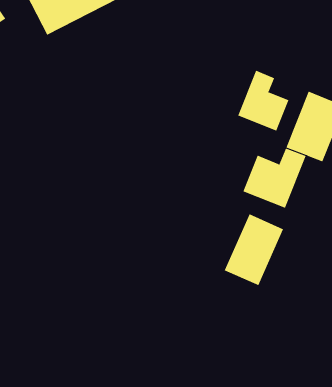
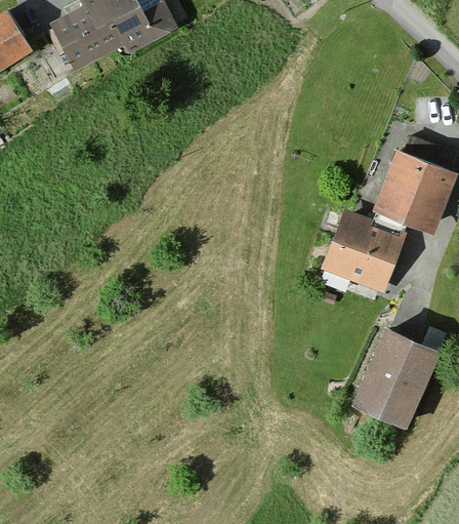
building: [237,70,289,132] -> none
building: [224,214,284,286] -> [357,333,432,425]

